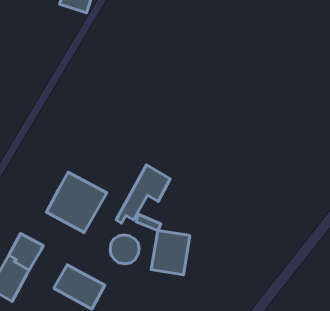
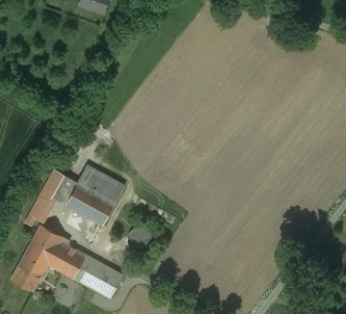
building: [116,165,170,223] -> [25,169,77,226]
building: [151,230,190,275] -> none
building: none -> [47,241,85,278]

